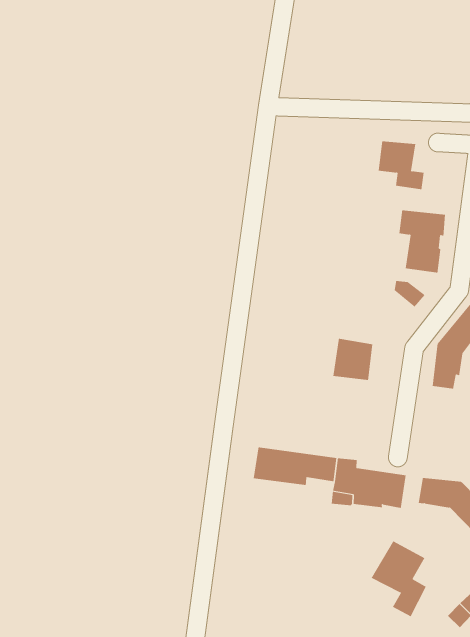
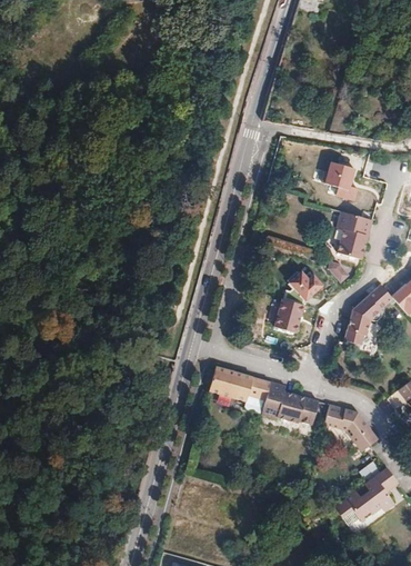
building: none -> [290,269,327,300]
building: [371,540,427,617] -> none

